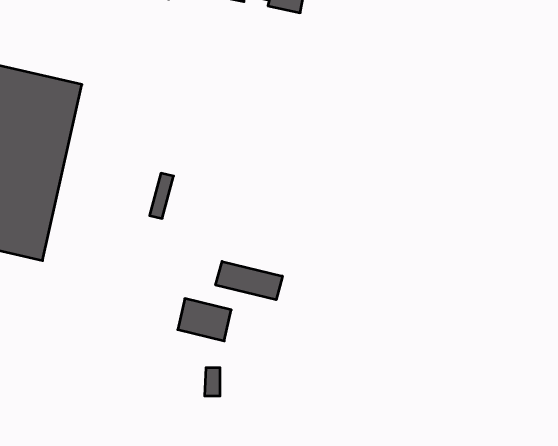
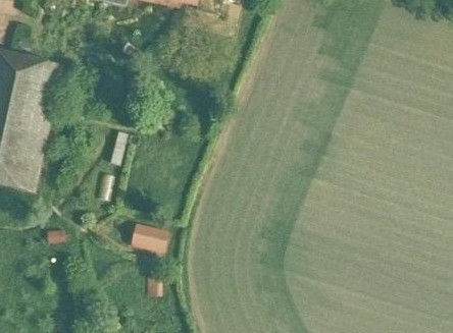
building: [216,261,282,300] -> none

